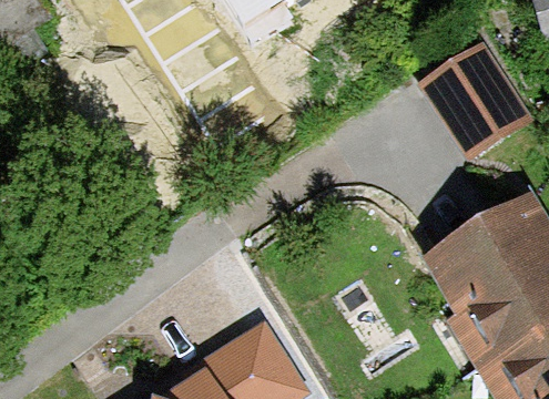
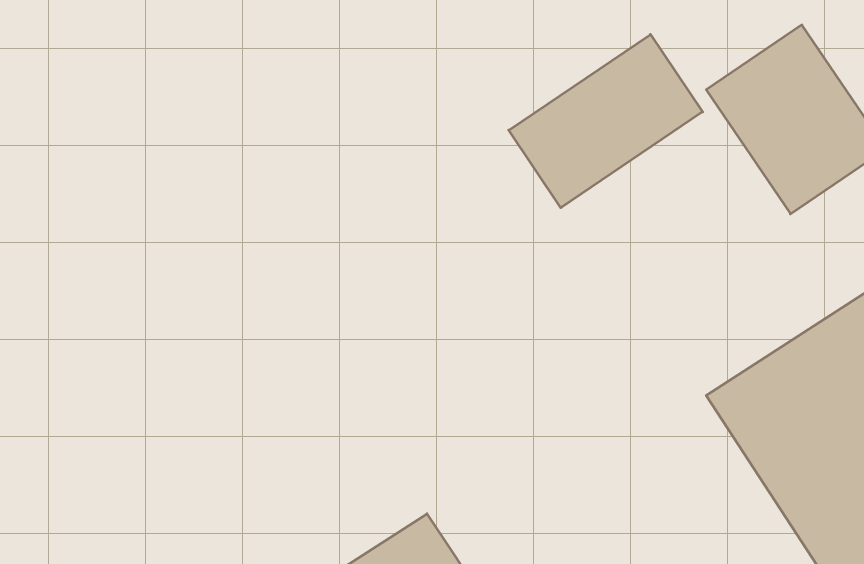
building: none -> [509,34,703,208]

